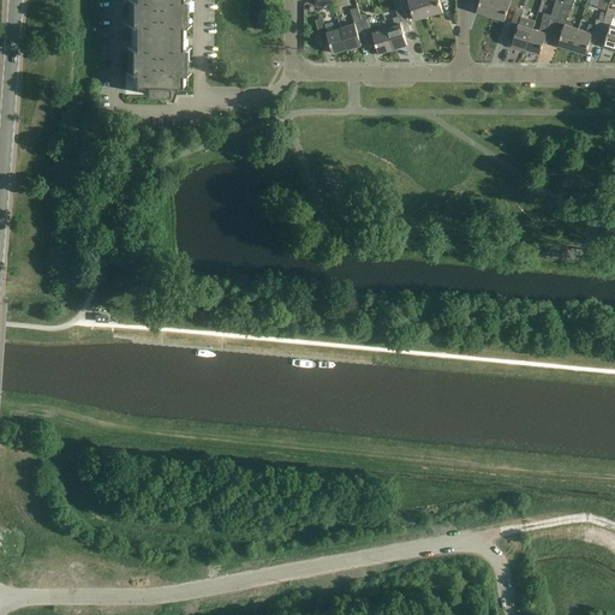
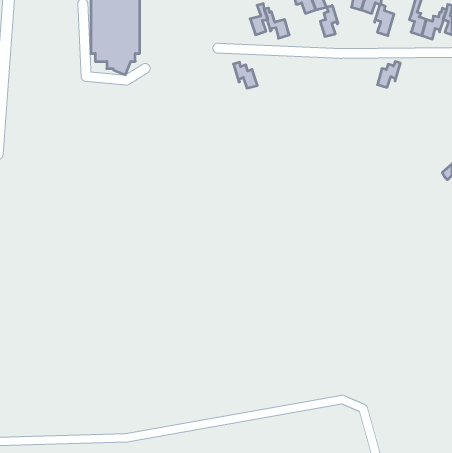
building: [384,5,408,47] -> [320,5,338,36]
building: [312,16,345,50] -> [233,62,257,88]
building: [524,17,555,52] -> [377,62,400,87]

